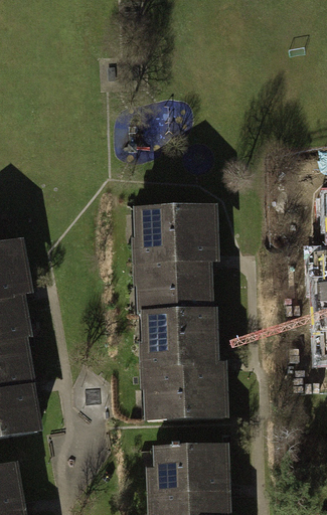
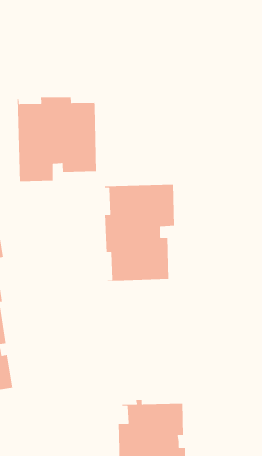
building: none -> [17,96,97,182]
building: [144,312,222,419] -> none

